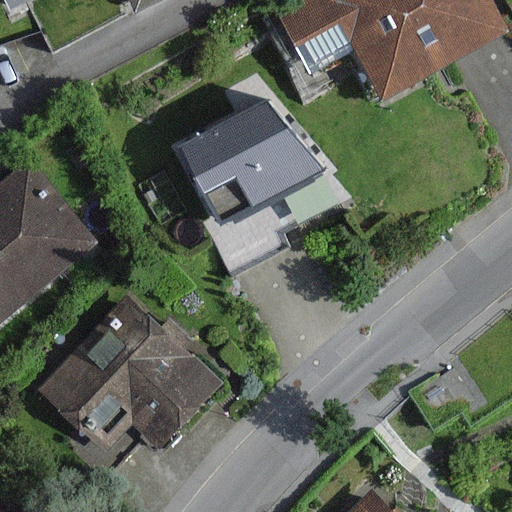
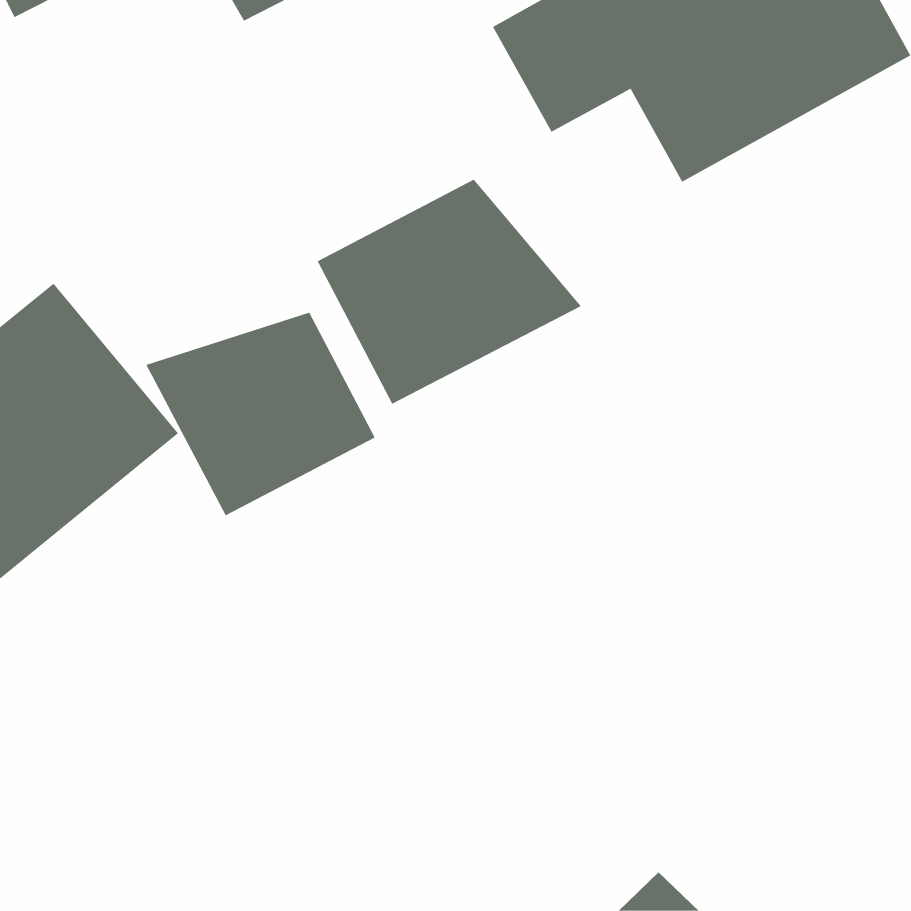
building: none -> [146,312,376,516]
building: [38,293,222,452] -> none

